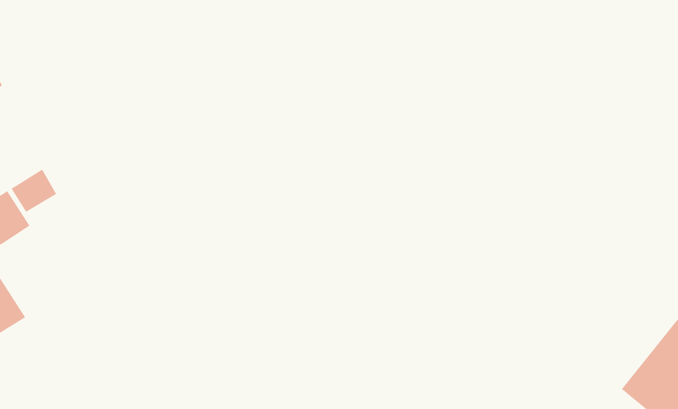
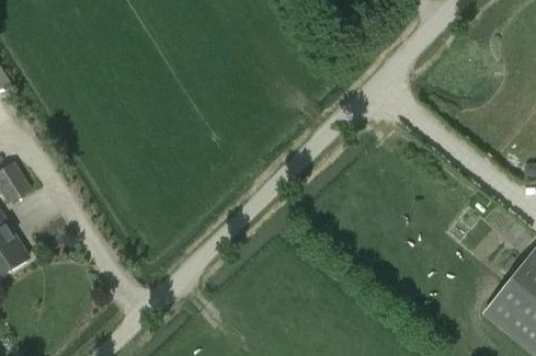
building: [10,169,57,213] -> none

